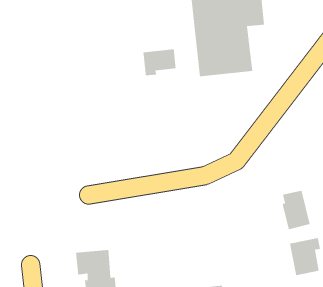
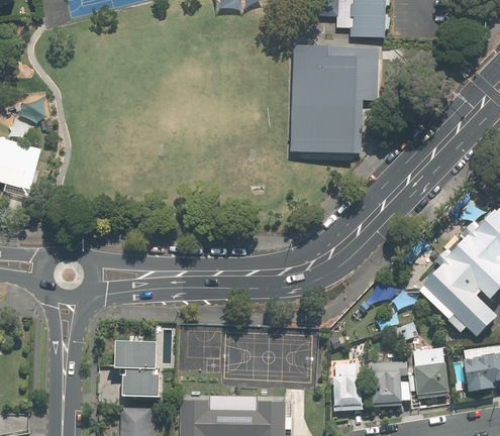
building: [143,48,176,76] -> none
building: [282,190,310,230] -> [331,362,362,407]

